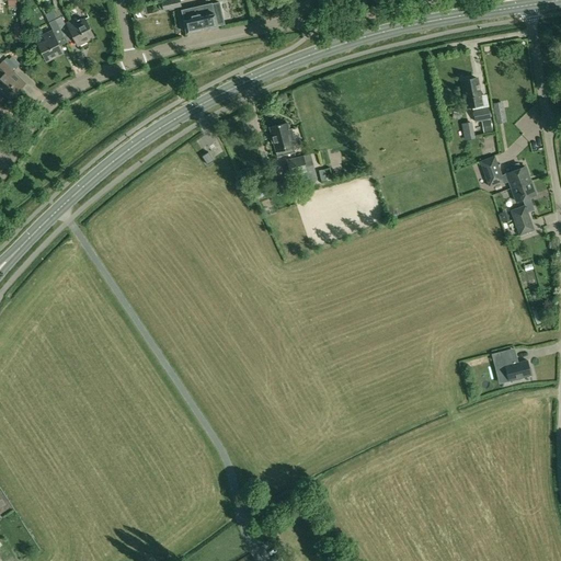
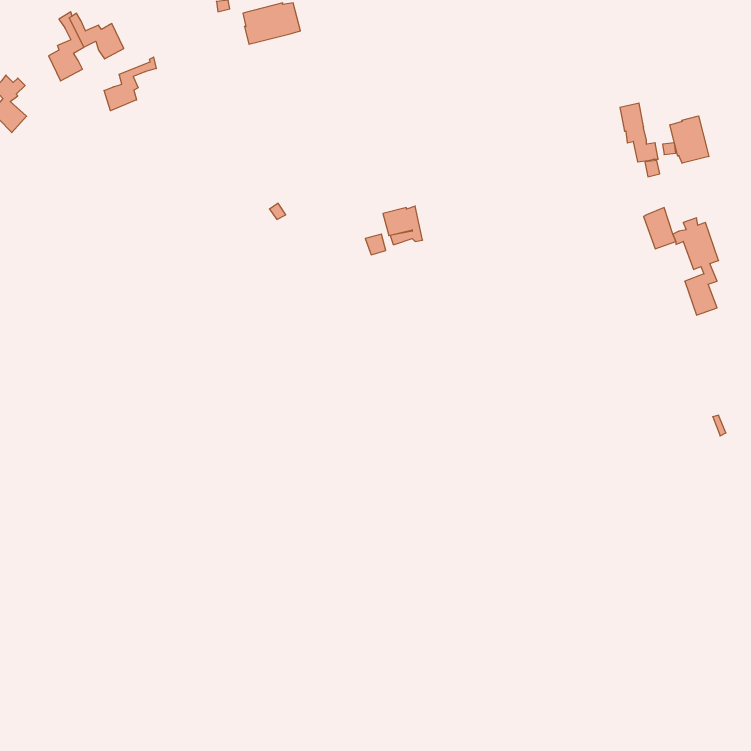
building: none -> [104,57,156,111]
building: none -> [670,116,709,163]
building: [270,122,294,156] -> none
building: [494,348,530,380] -> none

